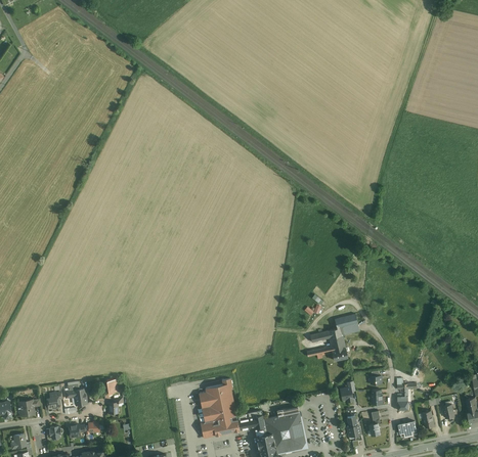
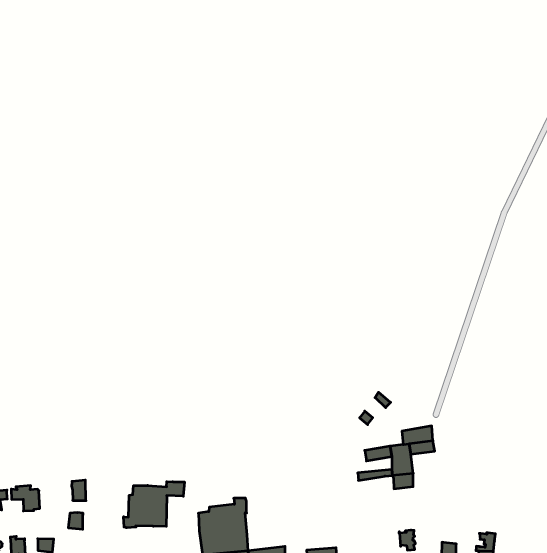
building: none -> [124,482,184,528]

